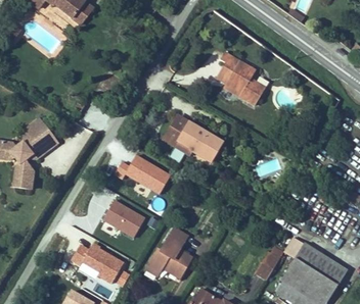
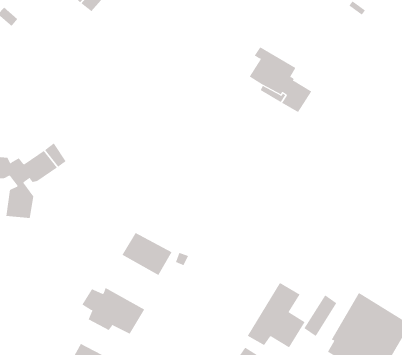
building: [156,113,215,159] -> none
building: [114,154,169,196] -> none
building: [147,227,195,282] -> [247,282,306,348]

